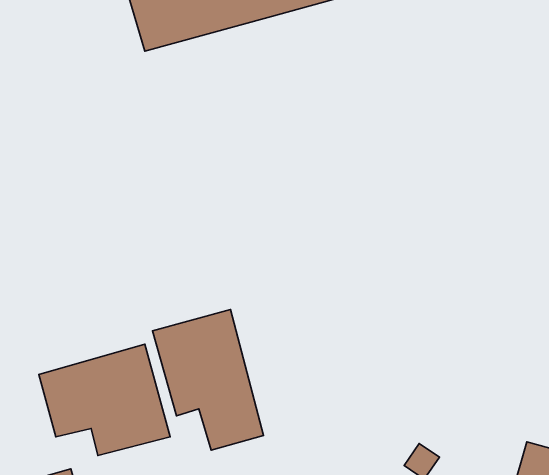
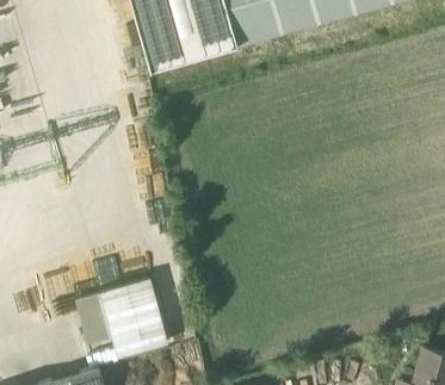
building: [152,310,264,450] -> none

